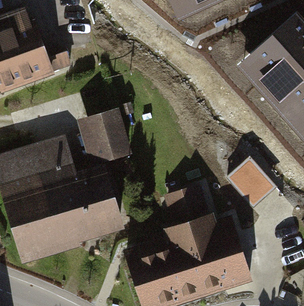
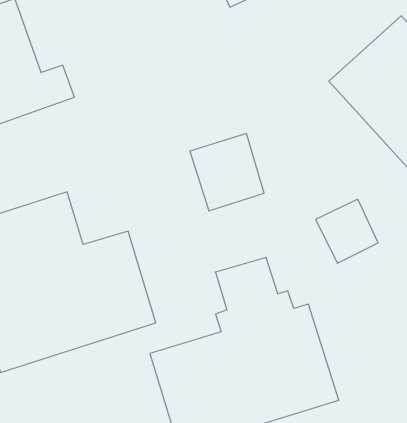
building: [80,111,131,164] -> [190,134,264,211]

